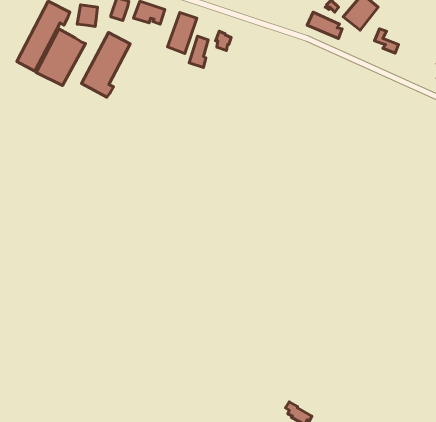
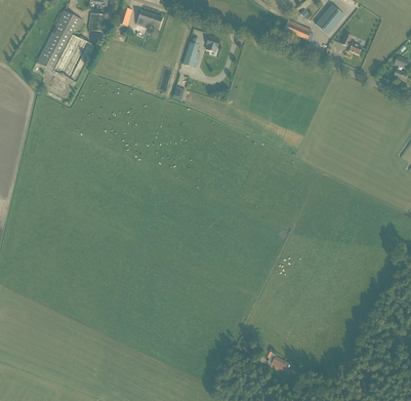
building: [167,13,197,54] -> none
building: [82,33,130,97] -> none

